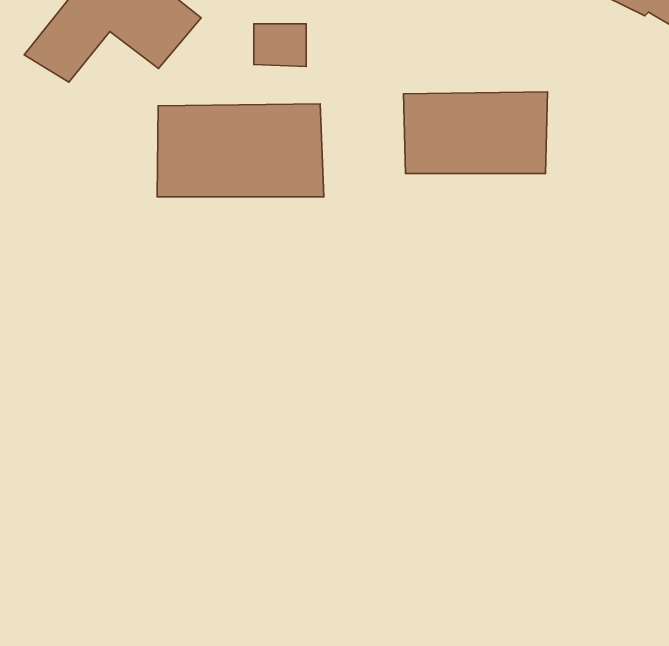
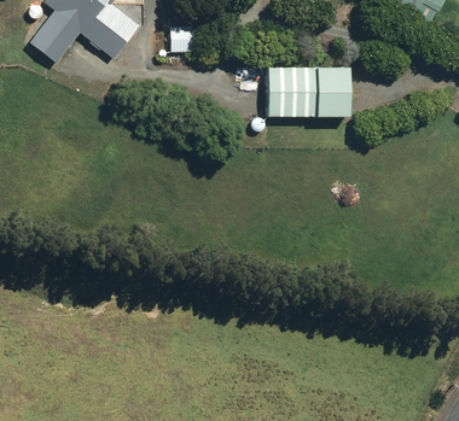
building: [157,104,324,197] -> none

